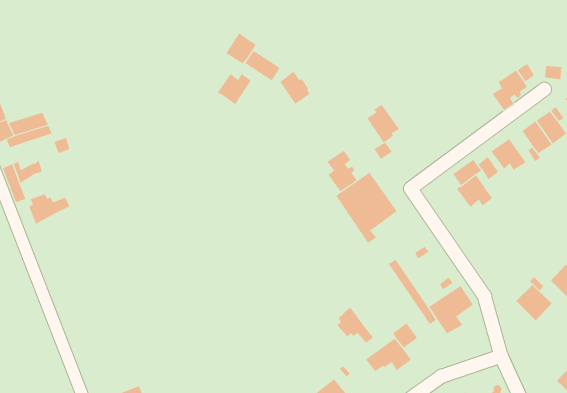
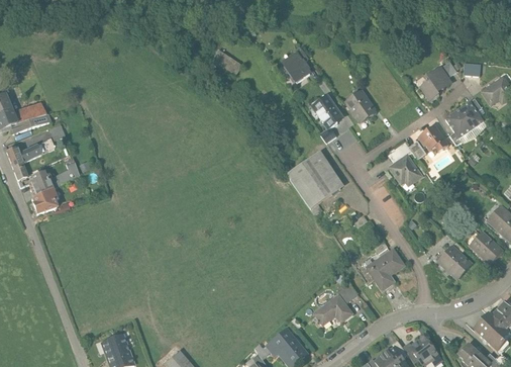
building: [226,33,256,64] -> none
building: [279,71,311,104] -> [284,54,310,82]
building: [217,73,251,105] -> none
building: none -> [346,90,374,119]
building: [327,150,357,192] -> none
building: none -> [31,188,57,213]
building: [336,307,374,344] -> none

